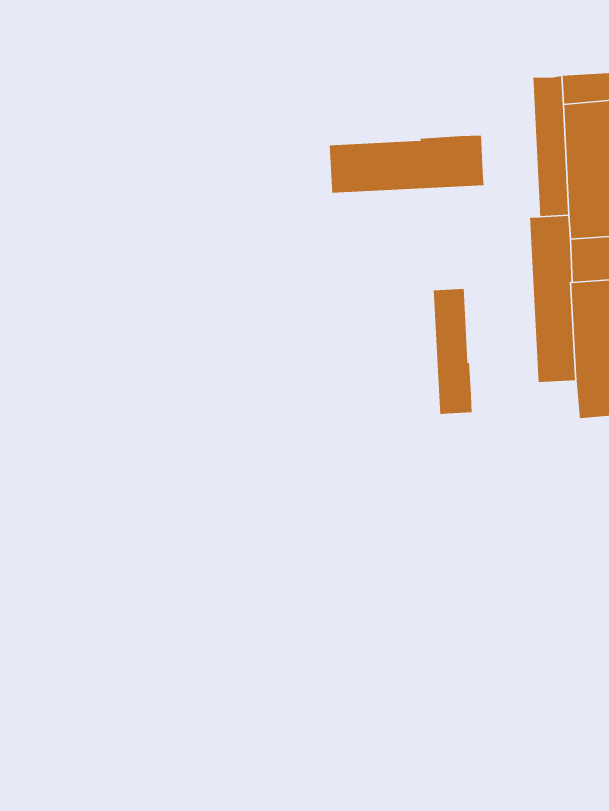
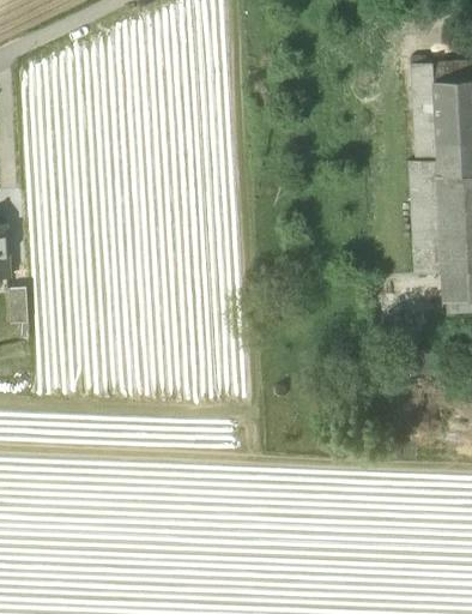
building: [329,135,485,193] -> none
building: [433,288,472,415] -> none

